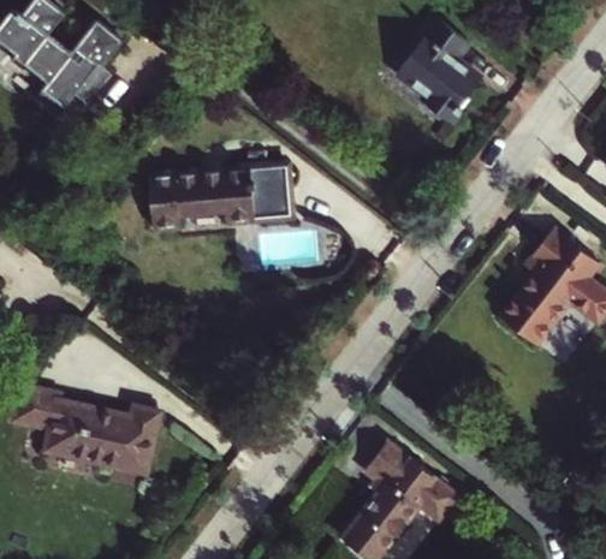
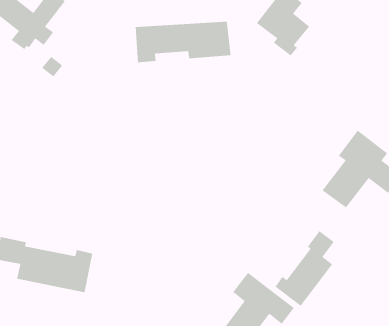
building: [154,163,297,226] -> [135,21,231,63]
building: none -> [274,230,335,307]

